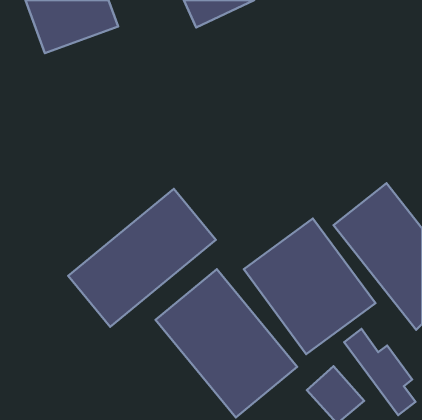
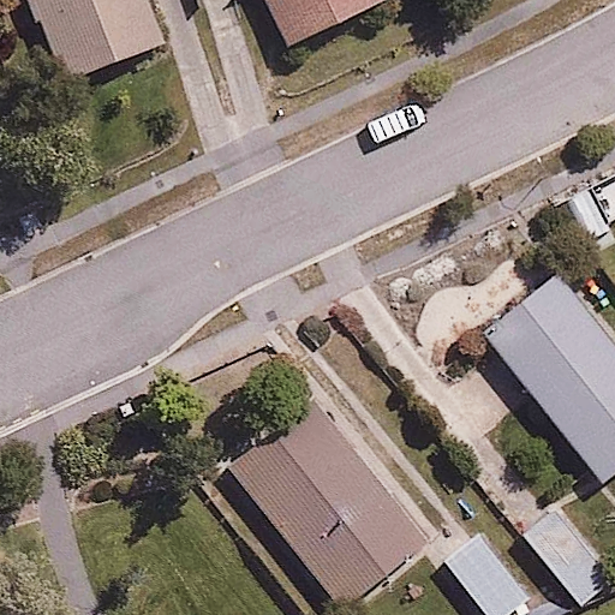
building: [68,189,216,327] -> none
building: [244,218,375,354] -> none

